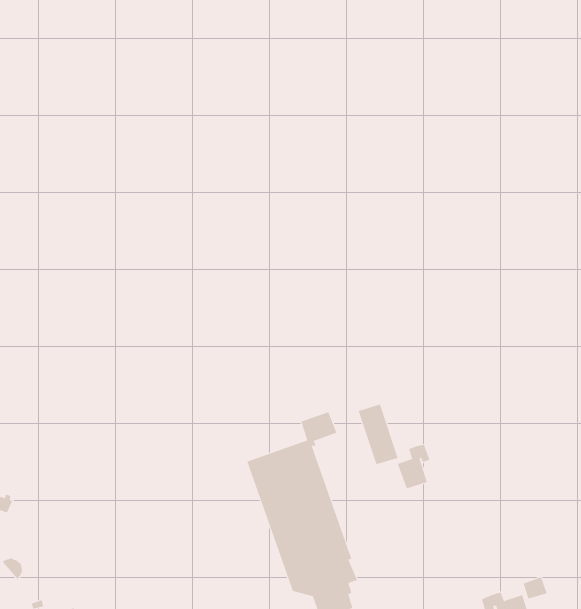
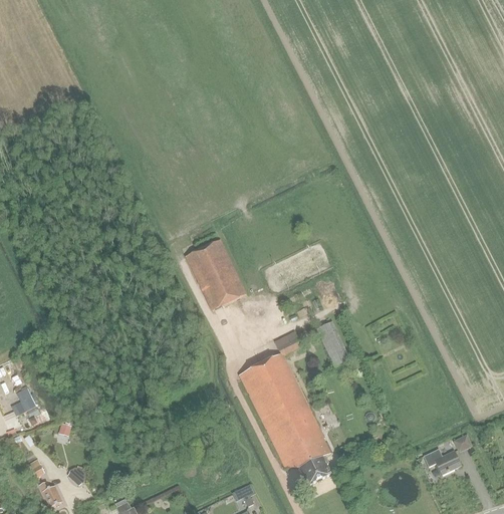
building: none -> [185,239,246,310]
building: [397,444,430,489] -> none

